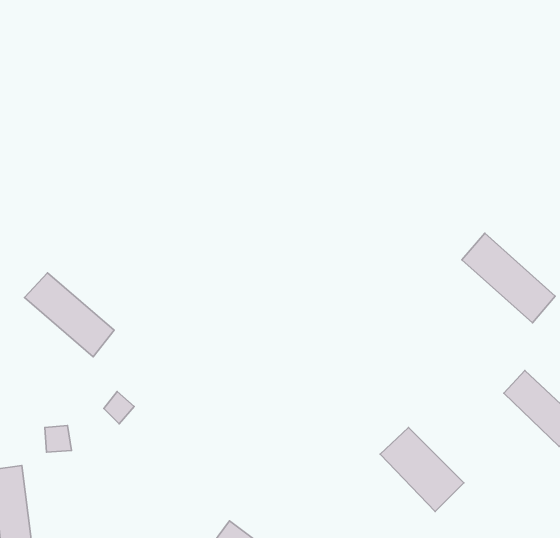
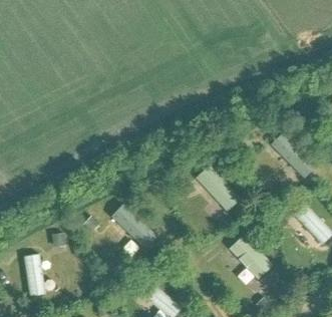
building: [25,273,114,357] -> [110,204,157,248]
building: none -> [196,165,241,212]

